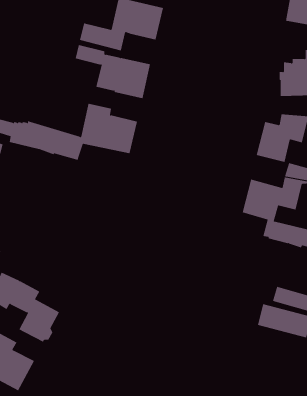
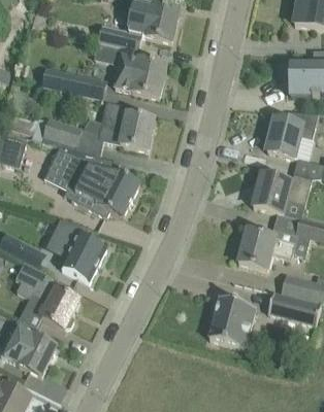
building: none -> [39,67,103,99]
building: none -> [47,145,139,216]
building: none -> [51,219,106,282]
building: none -> [237,229,297,269]
building: none -> [208,297,255,347]

